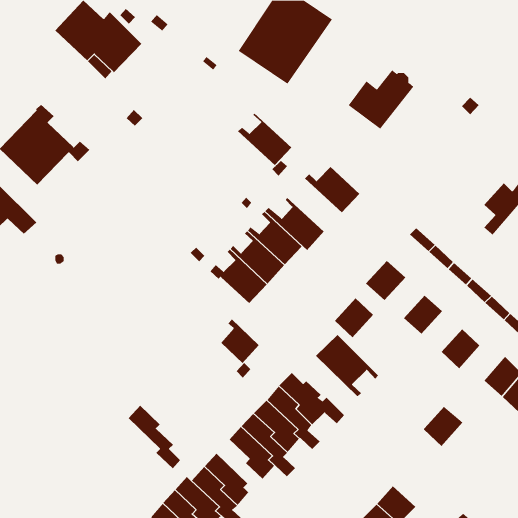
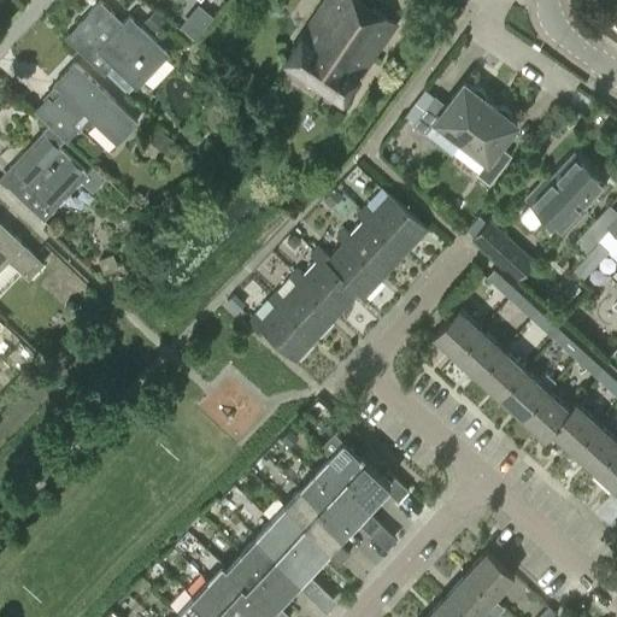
building: none -> [35,65,139,147]
building: none -> [451,106,517,187]
building: [237,113,292,166] -> [340,215,405,277]
building: none -> [521,157,604,235]
building: none -> [472,222,534,282]
building: [334,297,374,338] -> [456,331,503,380]
building: none -> [499,371,547,419]
building: [220,319,260,364] -> none
building: [315,334,379,397] -> none
building: [128,405,181,469] -> [257,523,319,599]
building: [417,406,463,447] -> [543,405,598,453]
building: none -> [465,554,515,603]

